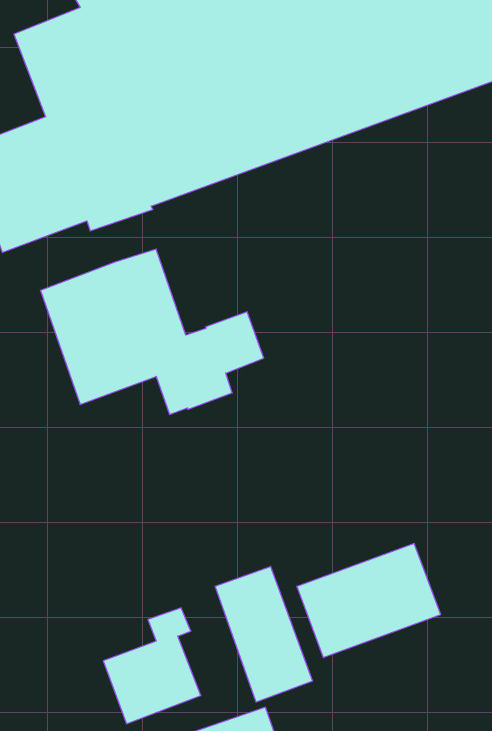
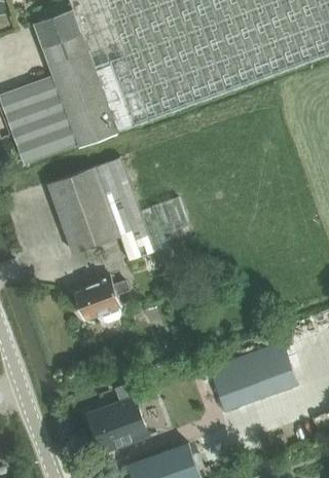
building: none -> [73,275,126,323]
building: [215,566,313,702] -> none

